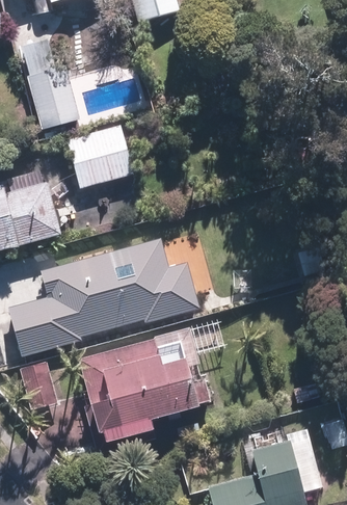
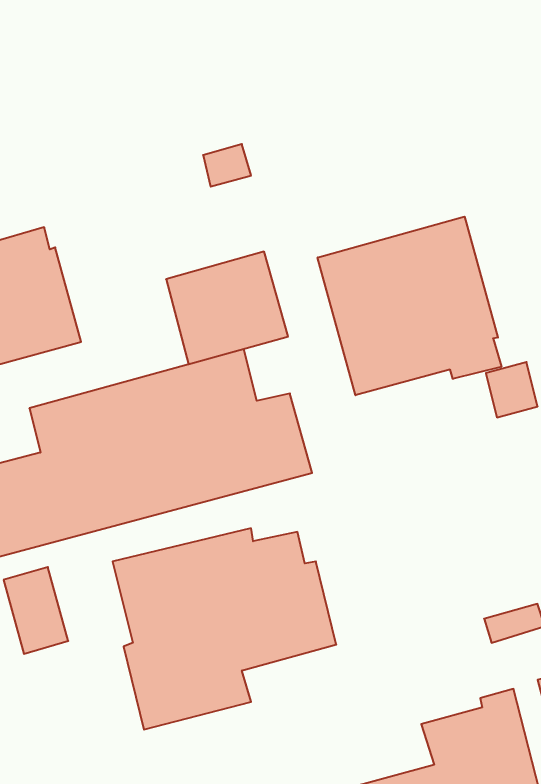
building: [27,64,80,130] -> none
building: [65,125,134,188] -> [166,252,288,364]
building: none -> [318,217,501,395]

